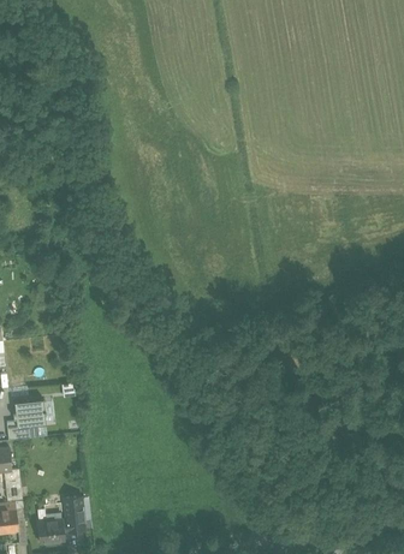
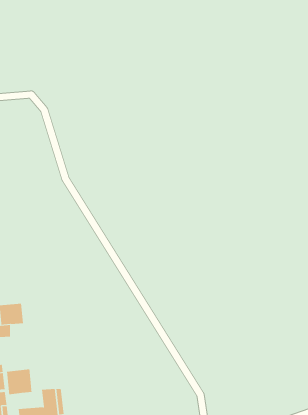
building: none -> [7,368,32,395]

